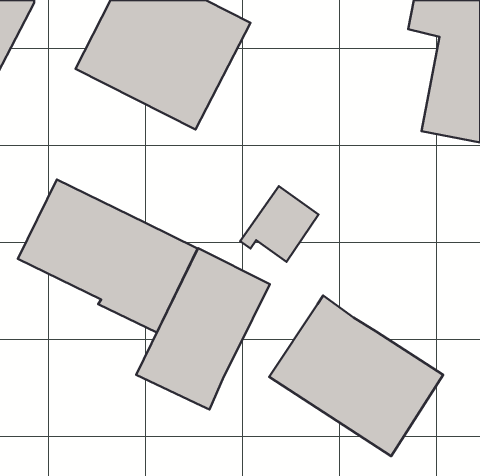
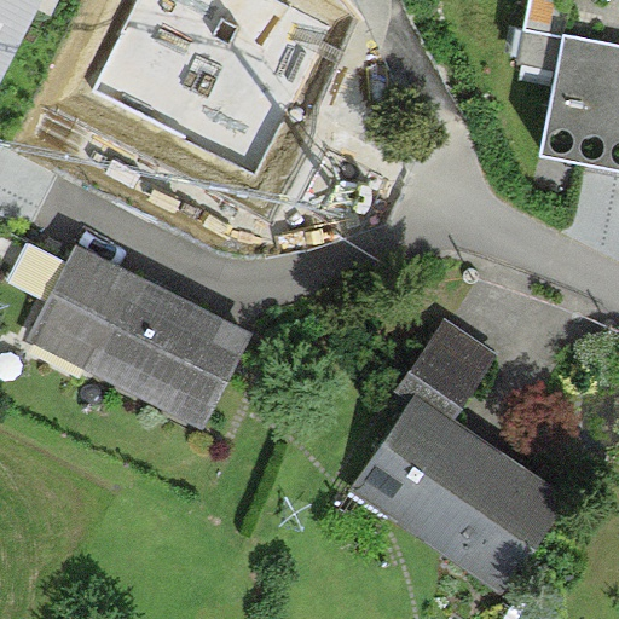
building: [240,186,319,262] -> [393,318,493,415]
building: [136,248,270,410] -> none

